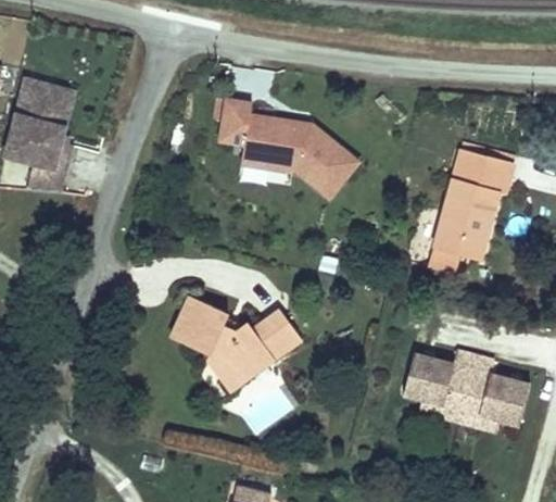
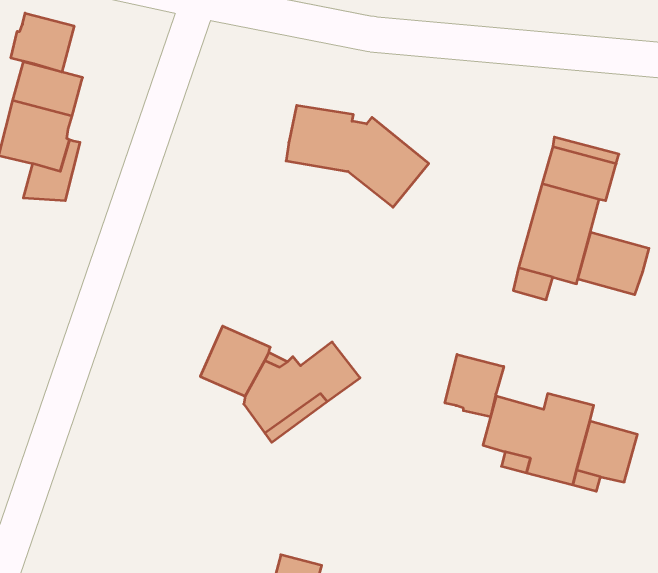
building: none -> [11,13,74,72]
building: [213,98,252,145] -> none
building: none -> [578,232,649,295]
building: none -> [445,354,504,417]

